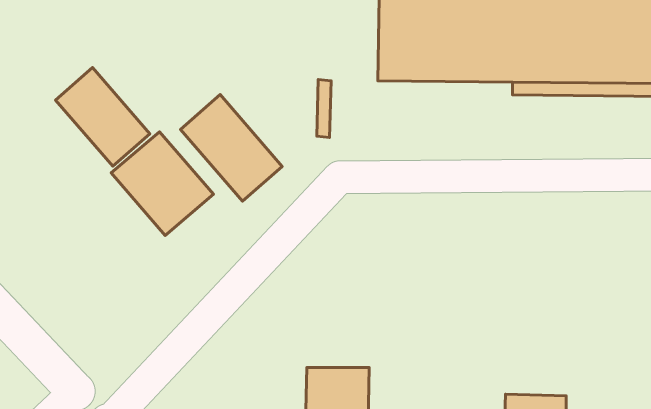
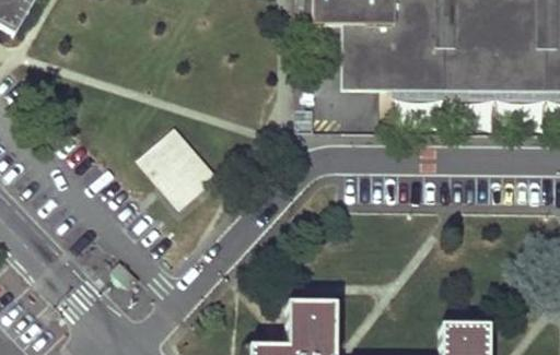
building: [56,68,150,166] -> none
building: [181,95,282,201] -> none

